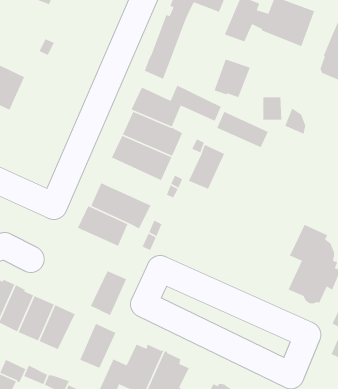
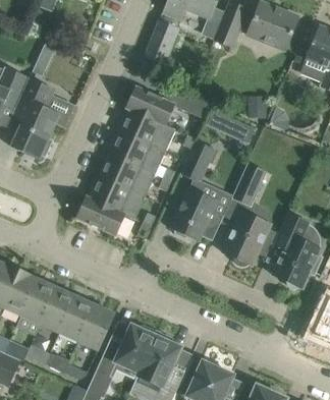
building: [213,59,251,98] -> none
building: none -> [11,77,59,159]
building: none -> [99,153,155,196]
building: none -> [231,163,267,207]
building: none -> [170,187,223,241]
building: none -> [222,211,278,266]
building: [90,270,127,316] -> [59,297,94,340]

